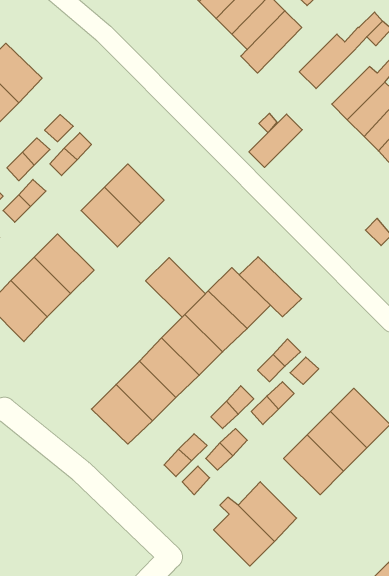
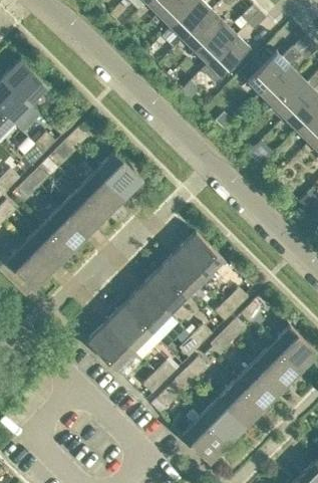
building: [249,114,302,167] -> [260,64,301,105]
building: [239,257,302,317] -> none
building: [146,258,205,317] -> [60,188,106,234]
building: none -> [217,380,263,426]

